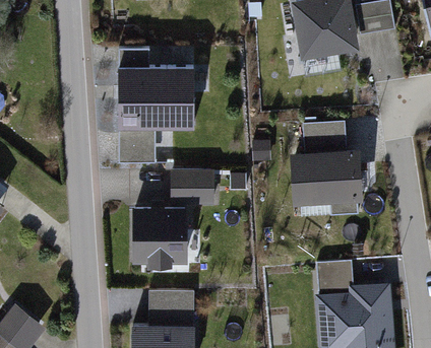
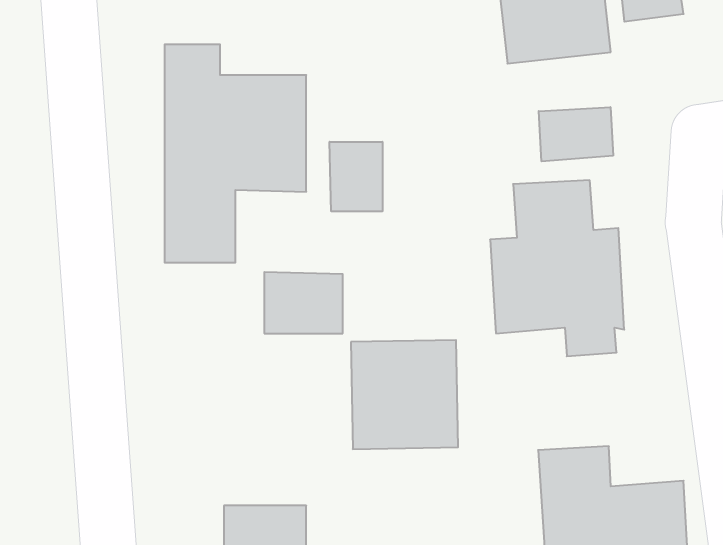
building: none -> [539,107,613,161]
building: none -> [330,142,382,211]
building: [129,205,186,263] -> [351,340,458,449]

